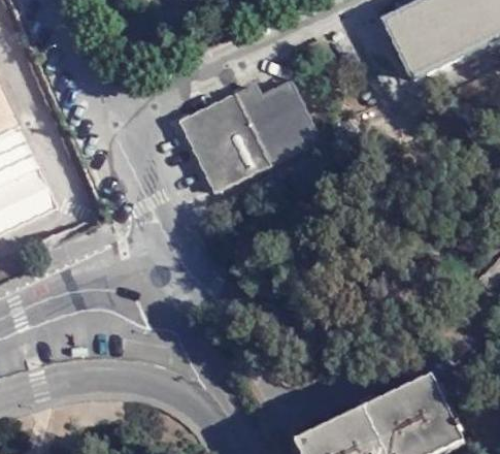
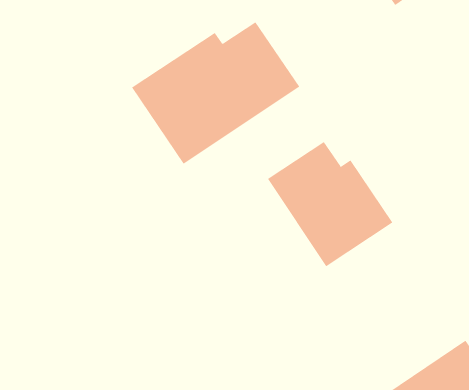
building: none -> [267,141,393,267]

